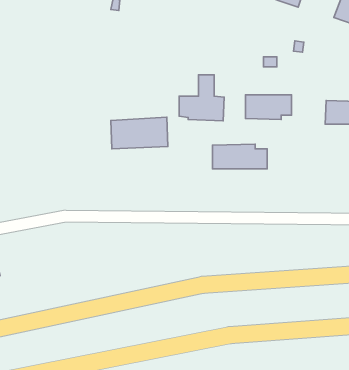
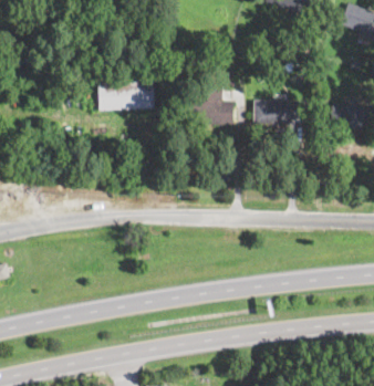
building: [111,117,168,149] -> [97,79,154,109]
building: [212,144,267,169] -> none

